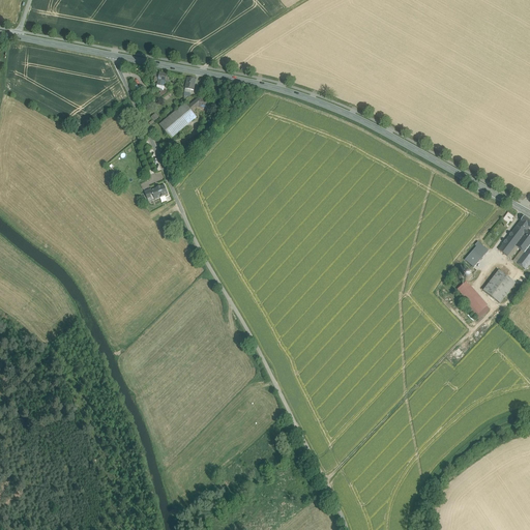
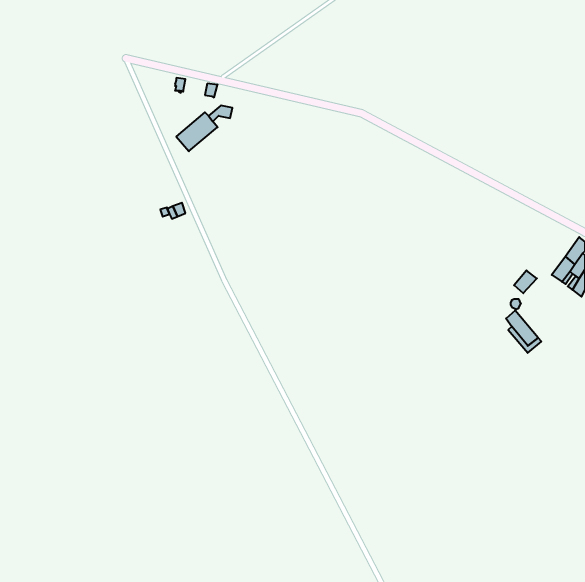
building: [483,269,514,301] -> none

